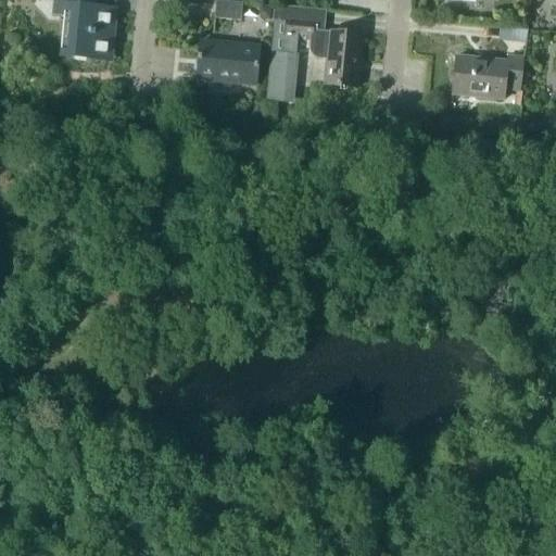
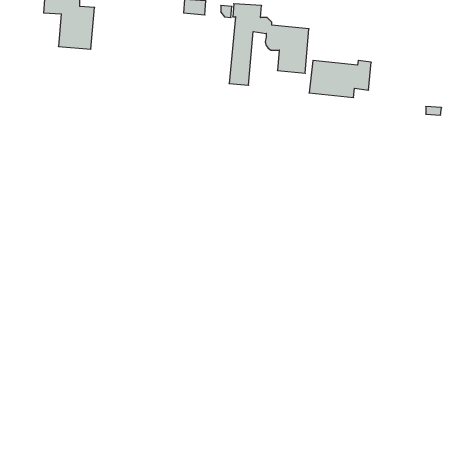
building: [198,40,258,83] -> none
building: [451,55,523,99] -> [309,60,371,98]

